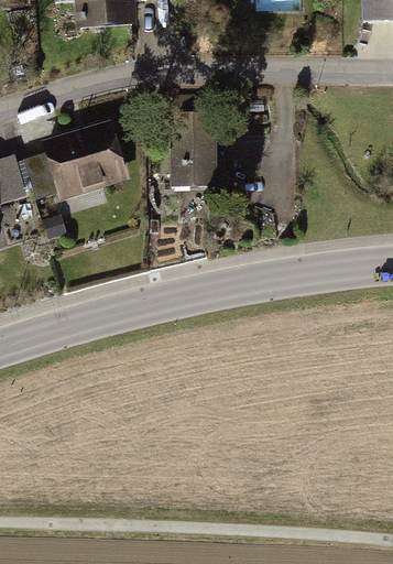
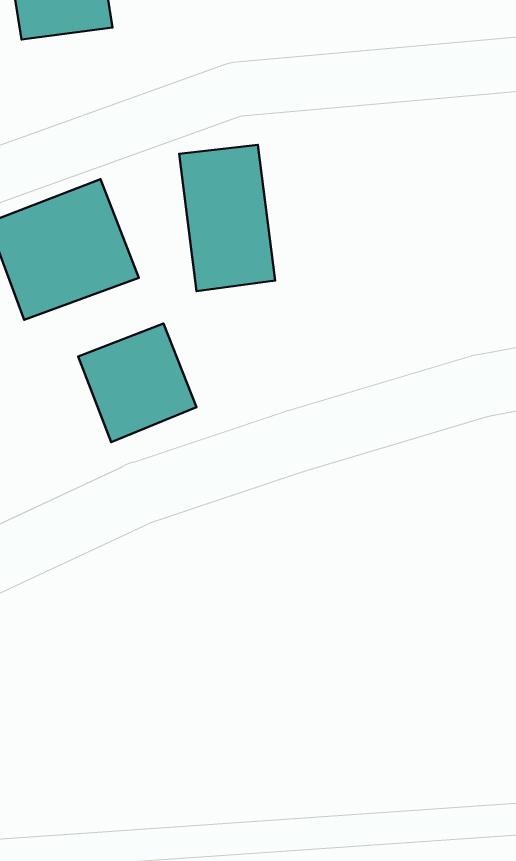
building: none -> [78,324,197,442]

